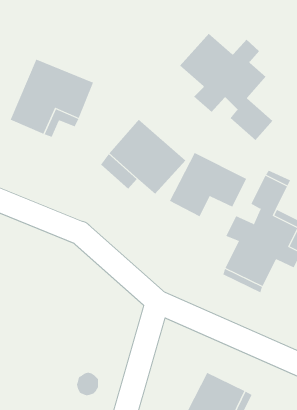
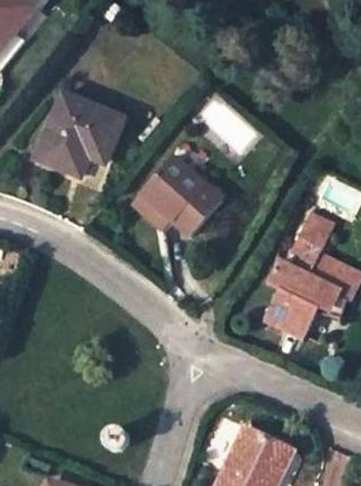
building: [179,33,273,141] -> none
building: [169,152,247,217] -> none

